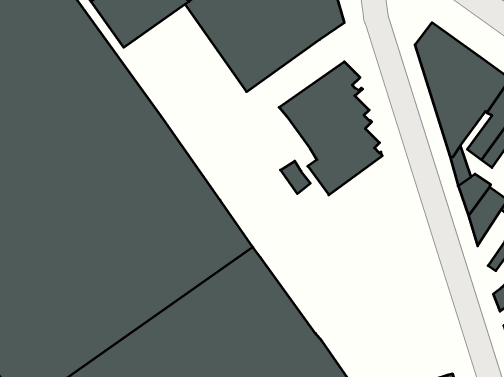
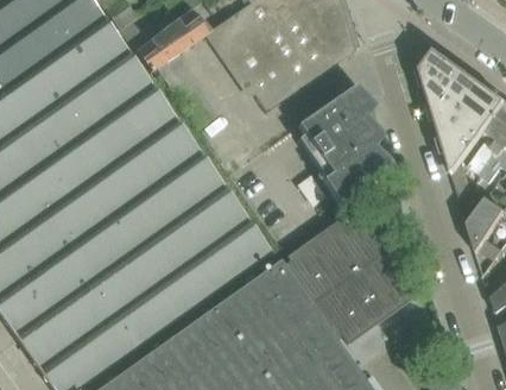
building: none -> [279,202,416,340]

